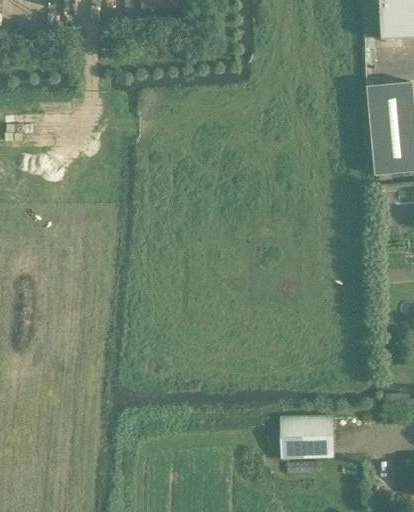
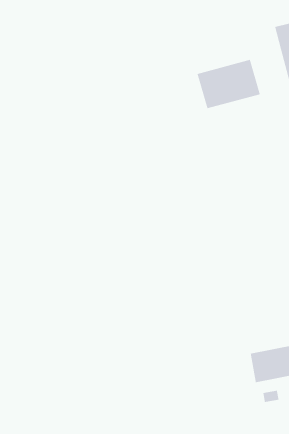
building: none -> [196,59,261,109]

